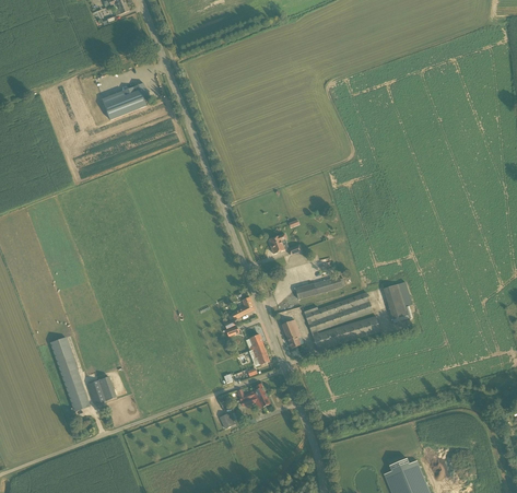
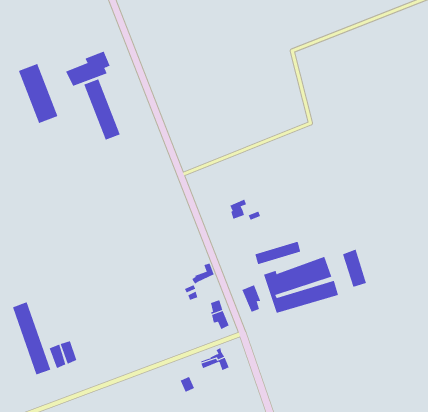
building: none -> [18,63,58,124]
building: none -> [84,79,120,141]

